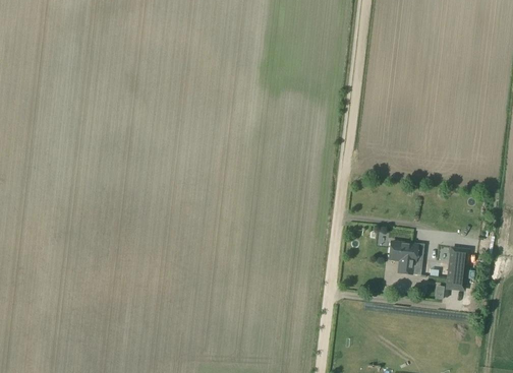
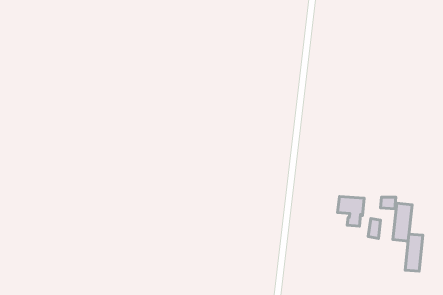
building: none -> [405,234,423,271]

